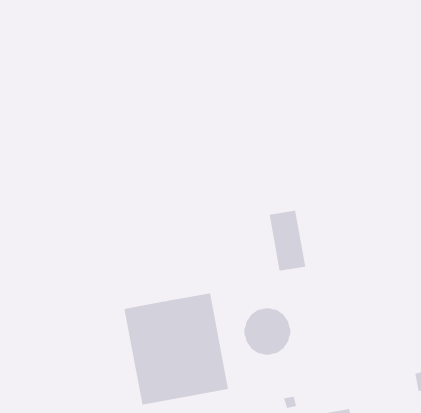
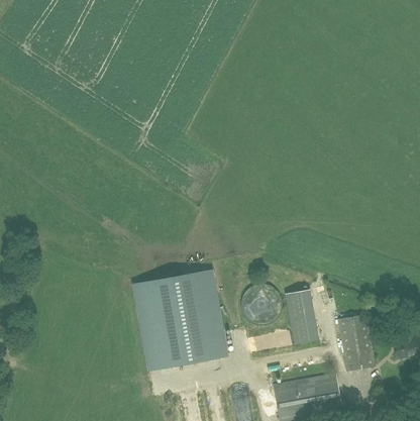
building: [269,210,306,271] -> [285,289,318,343]
building: none -> [337,314,375,371]

